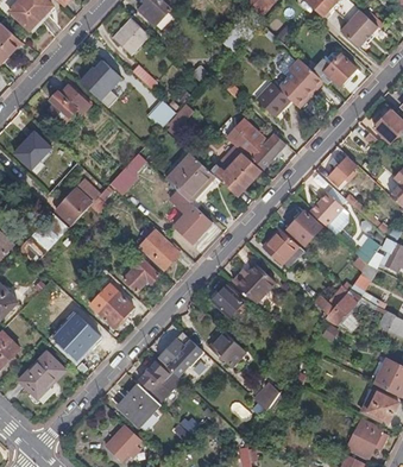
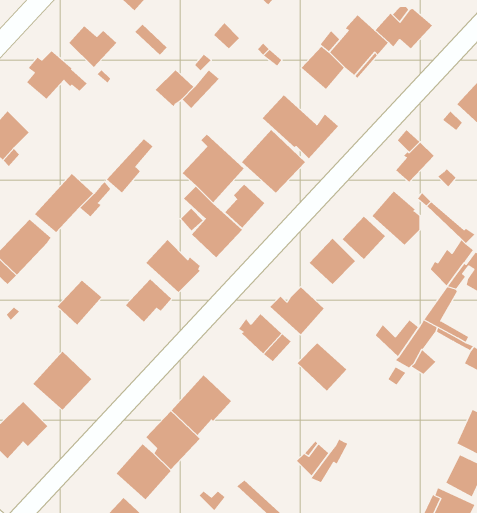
building: none -> [224,184,265,229]
building: [99,292,133,327] -> [57,280,102,325]
building: [207,328,245,365] -> [297,343,347,391]

